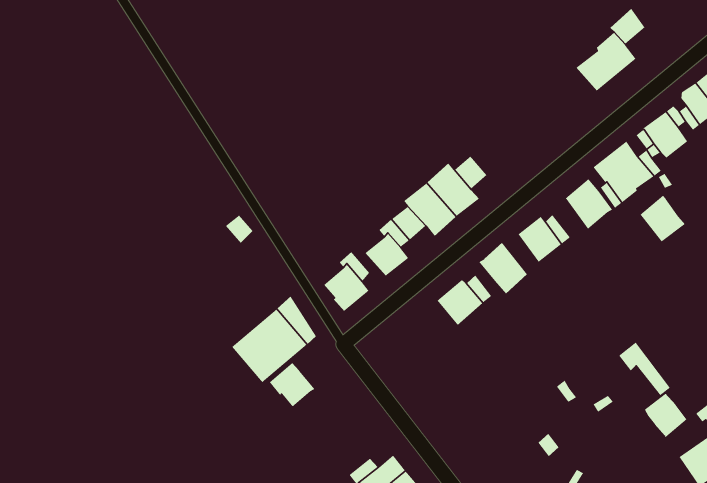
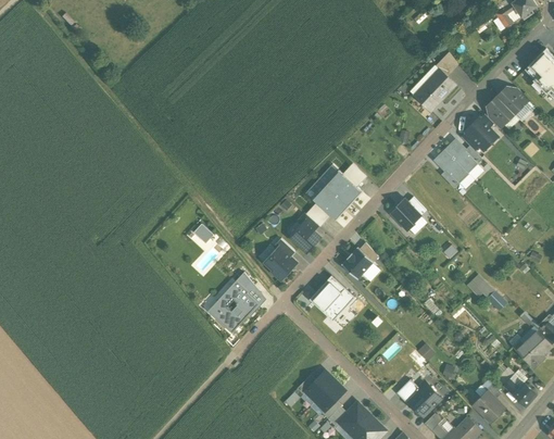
building: [565,178,613,230] -> none
building: [640,195,686,242] -> none
building: [478,242,528,294] -> none
building: none -> [311,276,354,322]
building: [269,362,315,408] -> none
building: [644,393,688,438] -> none

